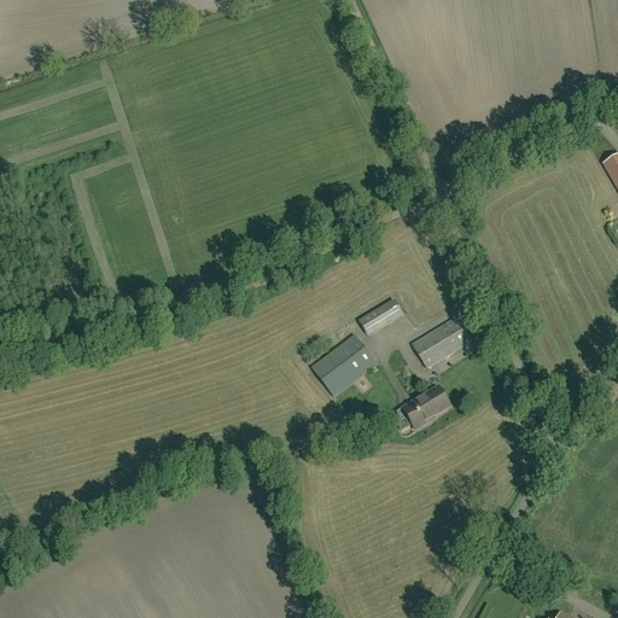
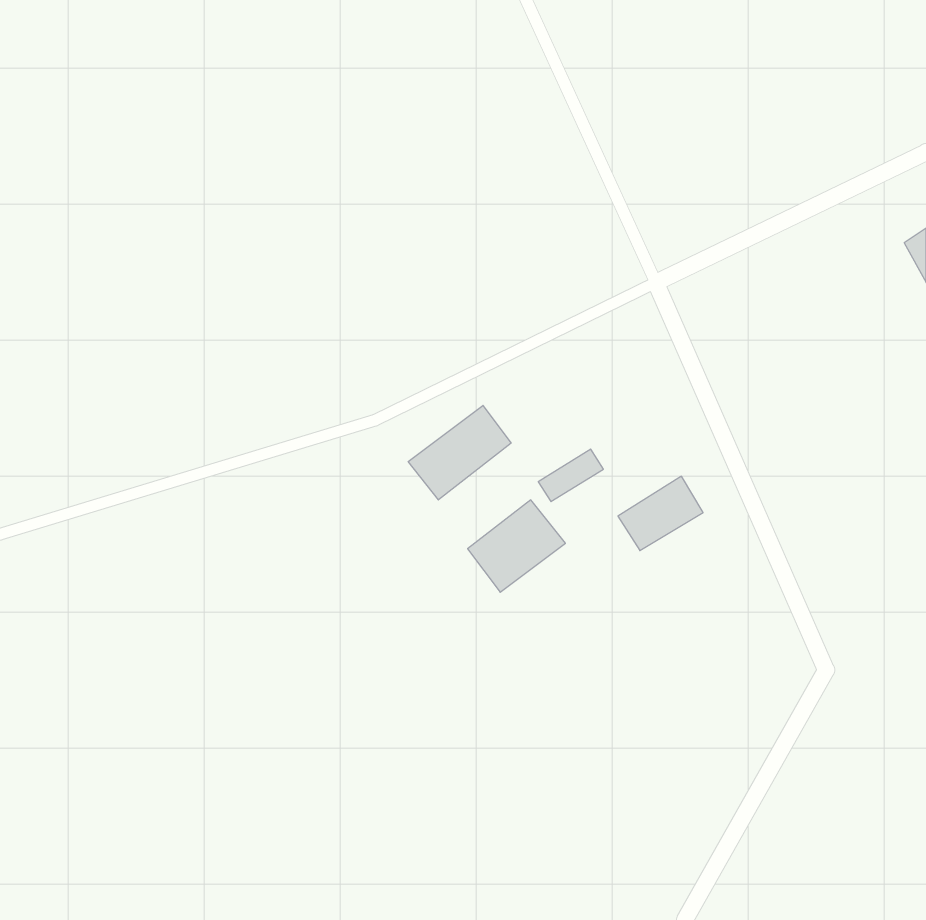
building: none -> [408,405,511,500]
building: [402,386,449,427] -> none

